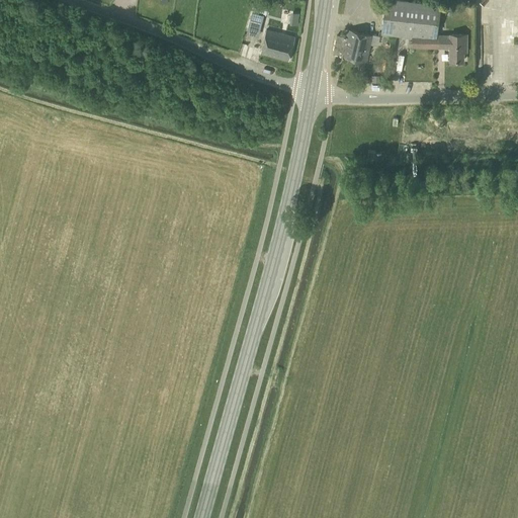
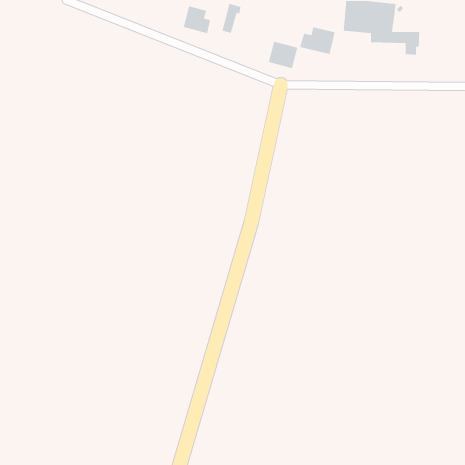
building: none -> [183,5,211,34]
building: [261,30,294,62] -> [268,41,298,69]

